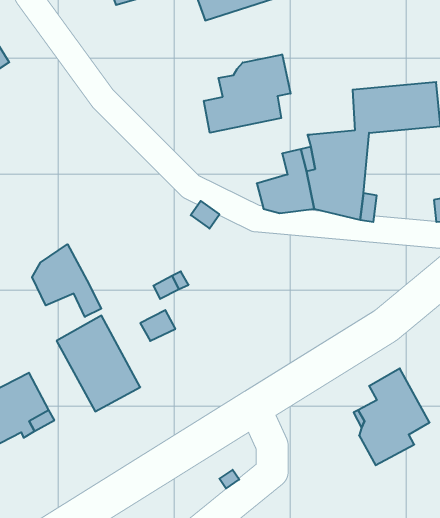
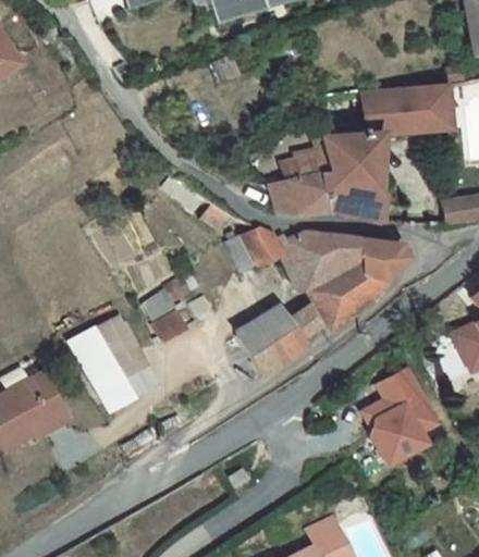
building: [204,54,291,133] -> none
building: none -> [228,226,406,376]
building: [32,244,101,317] -> none

